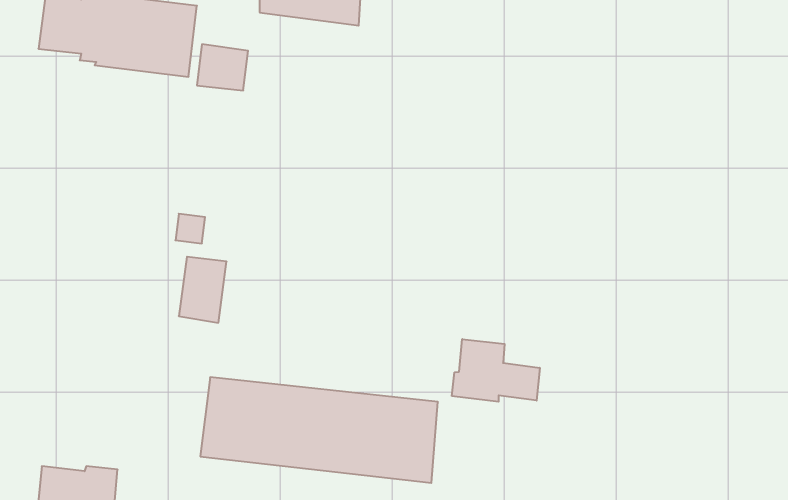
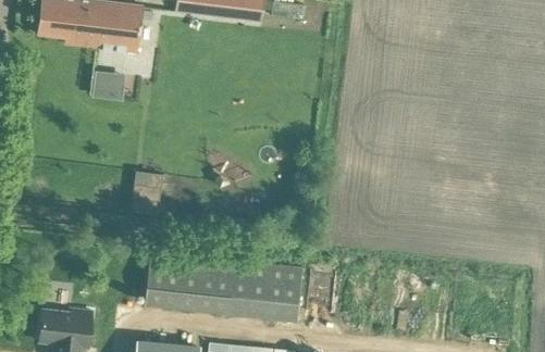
building: [197,44,248,90] -> [92,71,126,101]
building: [452,339,540,402] -> none

